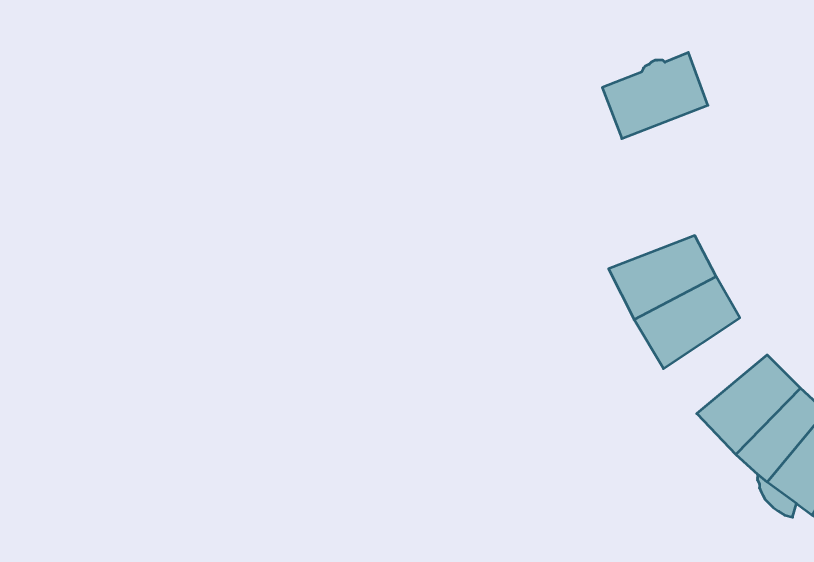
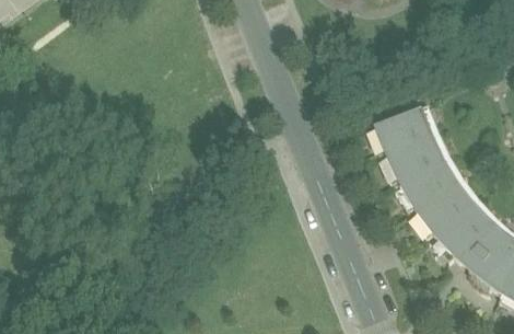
building: [602,52,708,139] -> [375,104,434,152]
building: none -> [417,180,475,233]

